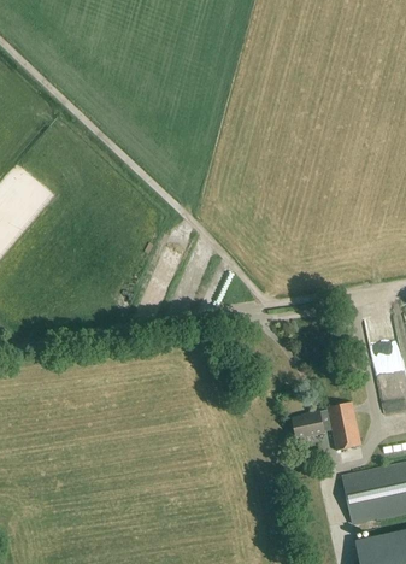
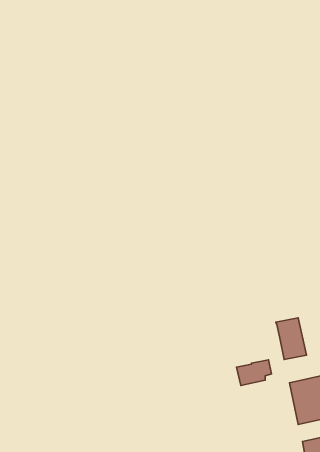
building: [292,411,331,440] -> [236,360,272,385]

